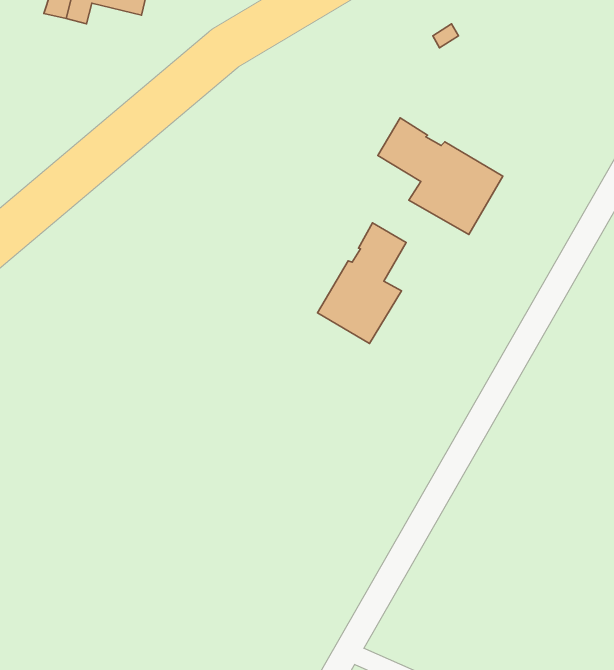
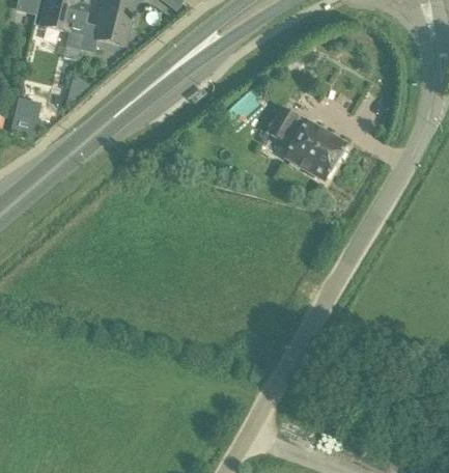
building: [317,223,406,344] -> none

